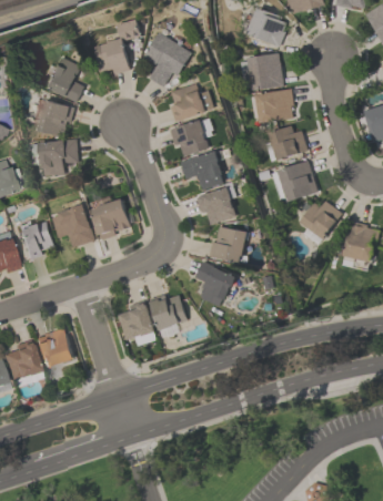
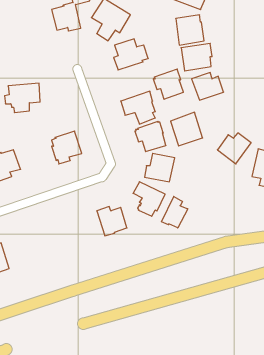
building: [44,57,84,102] -> none
building: [36,101,75,137] -> none
building: [171,120,209,157] -> [153,69,183,99]
building: [279,161,319,203] -> [171,112,203,146]
building: [51,205,94,247] -> none
building: none -> [162,196,188,228]
building: [119,301,155,340] -> none
building: [34,328,74,369] -> none

